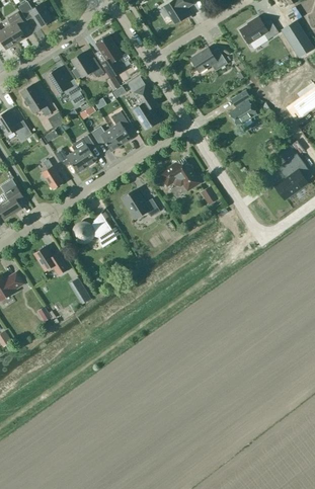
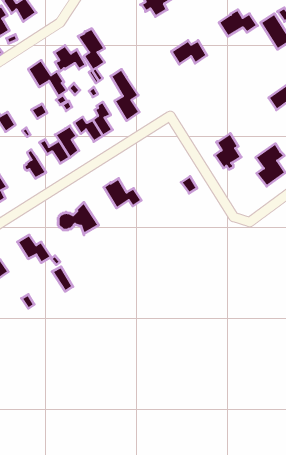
building: [20,84,51,116] -> none
building: [229,90,256,127] -> [214,133,241,169]
building: [159,163,200,189] -> none

